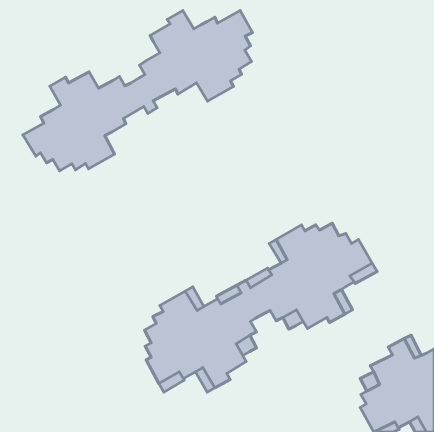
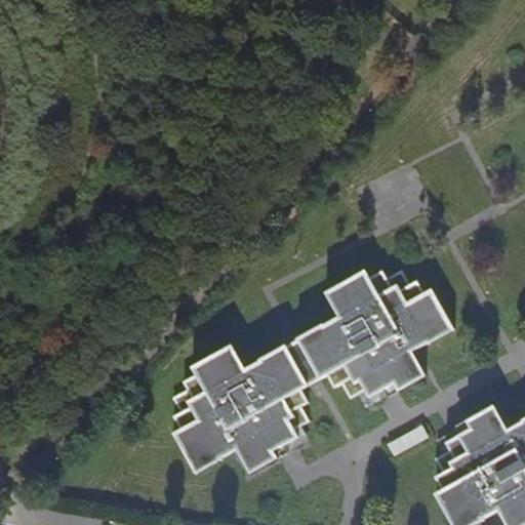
building: [23,11,253,171] -> none

